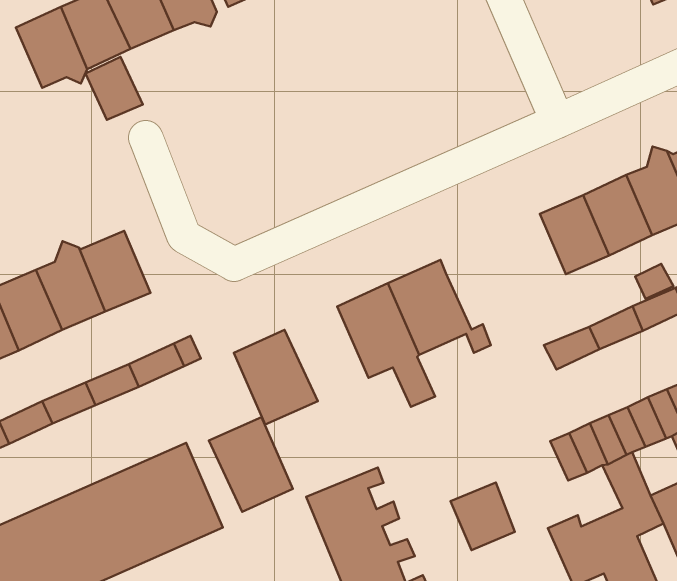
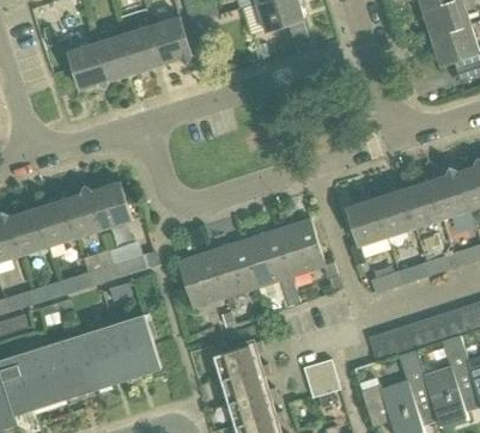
building: [85,57,143,120] -> none
building: none -> [346,197,387,245]
building: [209,417,293,512] -> [212,240,260,297]

